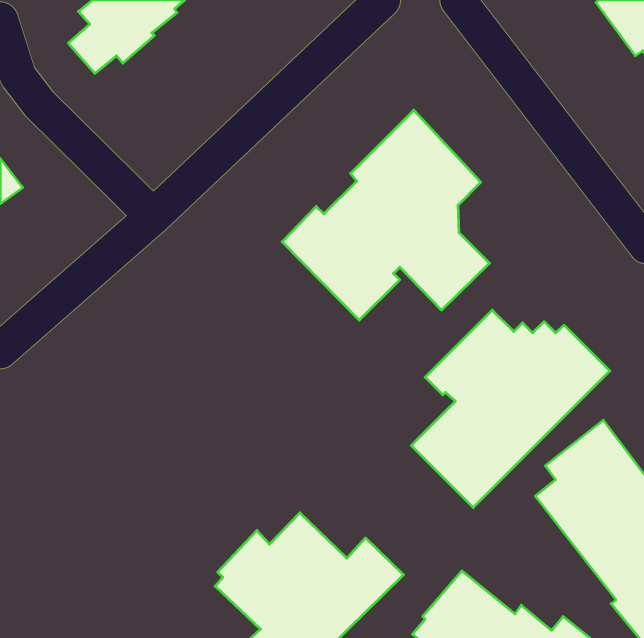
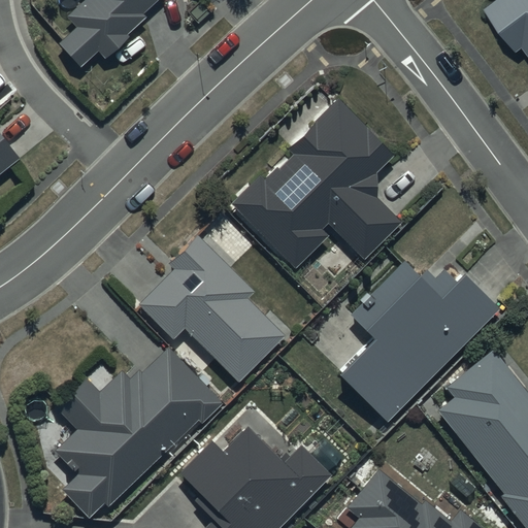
building: none -> [139,235,284,383]
building: none -> [55,346,225,519]

